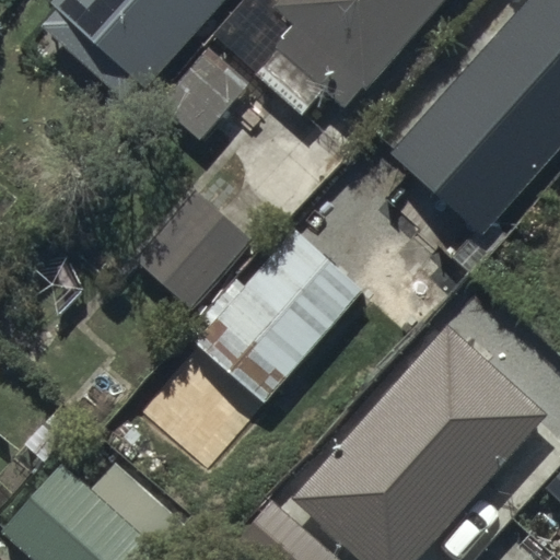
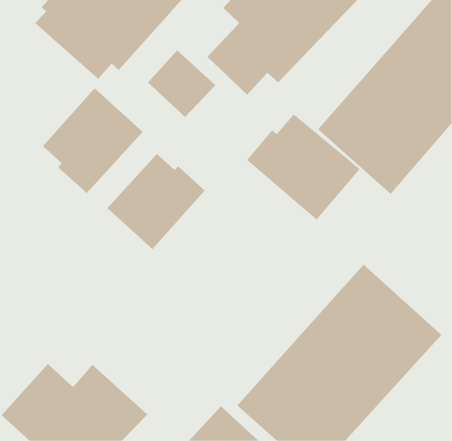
building: none -> [42,87,143,194]
building: none -> [246,113,360,221]
building: [195,223,365,402] -> none

